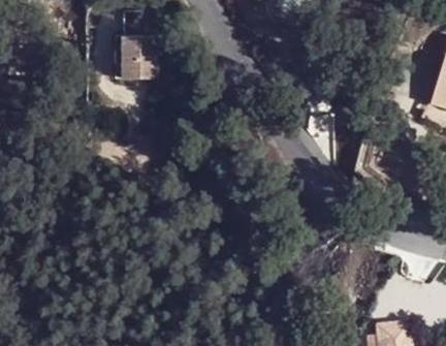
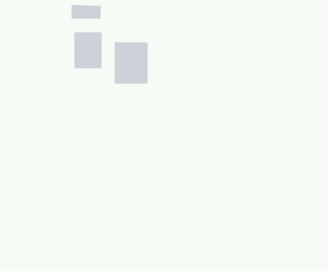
building: none -> [114,41,148,84]

